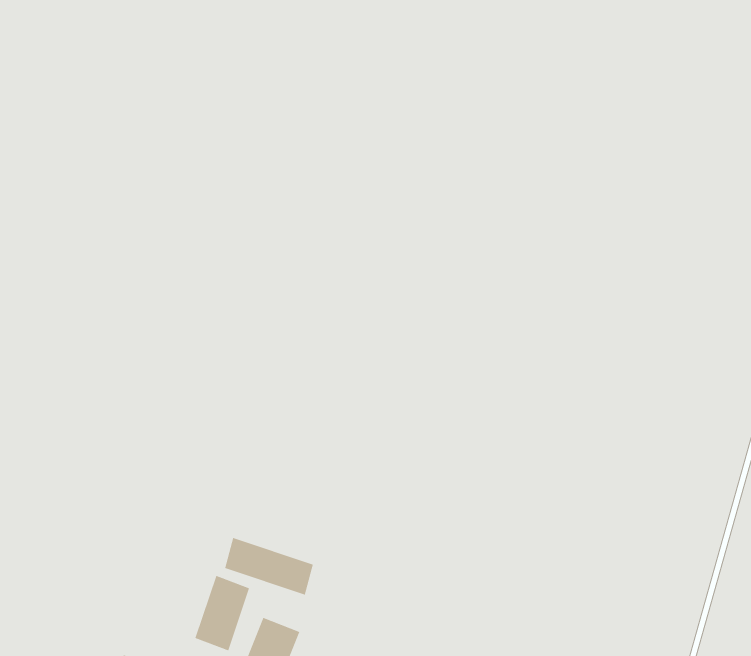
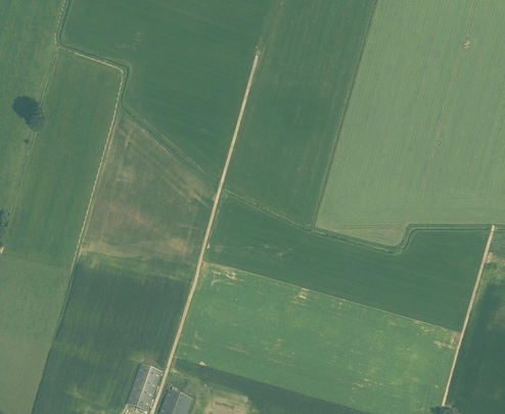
building: [224,537,314,596] -> none

